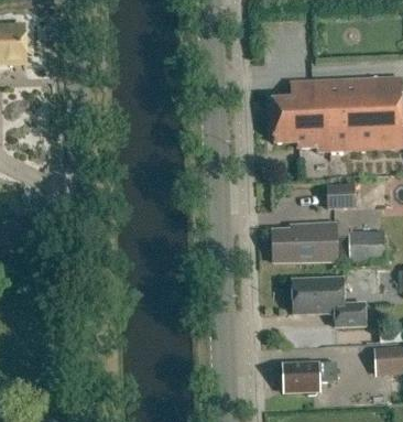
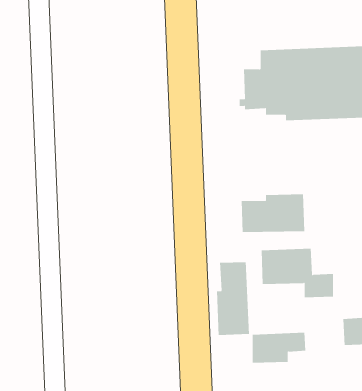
building: [326,184,355,208] -> none
building: [348,230,384,261] -> none
building: none -> [216,261,250,336]

